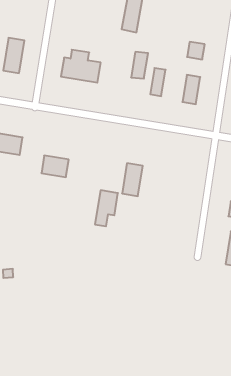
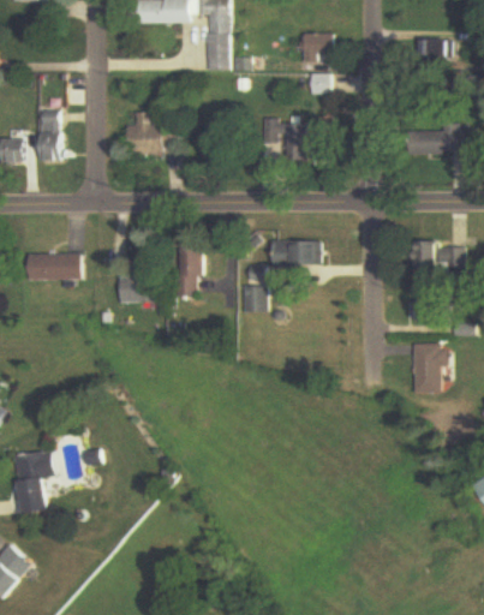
building: none -> [299,34,331,62]
building: [131,52,148,79] -> [285,123,304,162]
building: none -> [269,240,318,264]
building: [95,190,118,226] -> [177,243,203,294]

